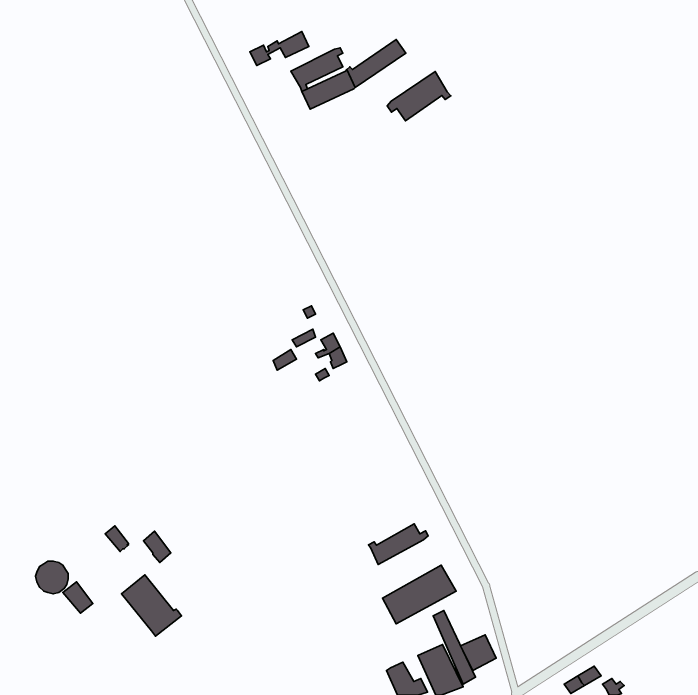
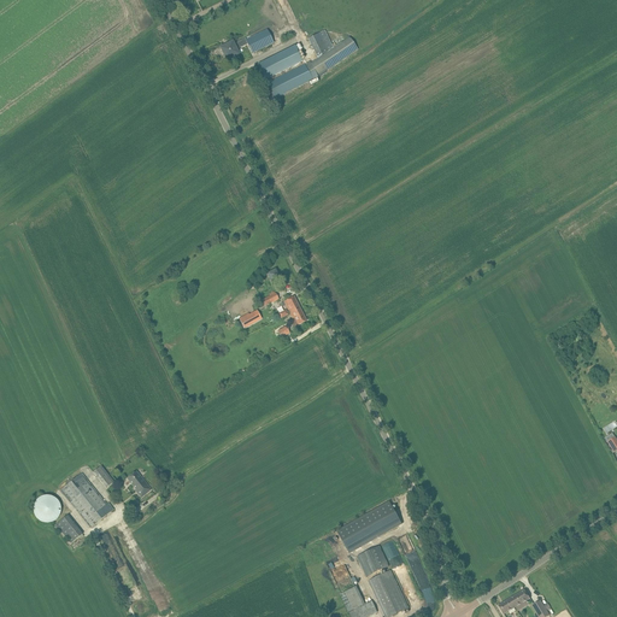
building: [387,72,451,121] -> none
building: [368,524,428,564] -> none
building: [121,575,182,636] -> [60,471,113,525]
building: [461,635,496,670] -> [357,546,388,577]

